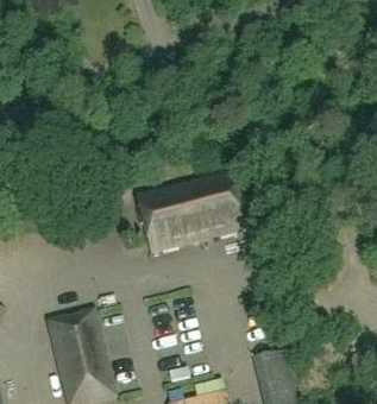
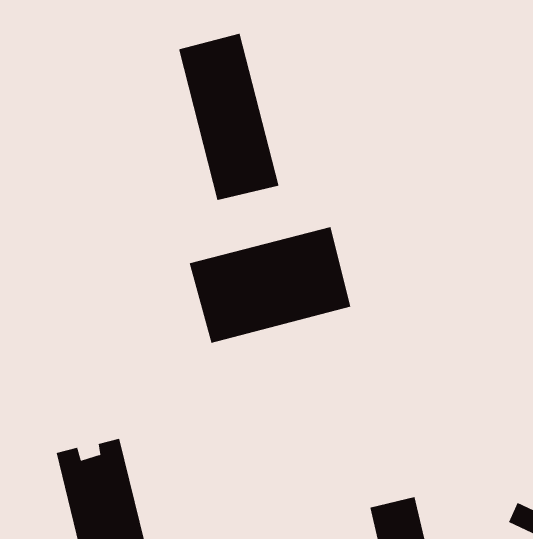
building: none -> [179,33,279,201]

